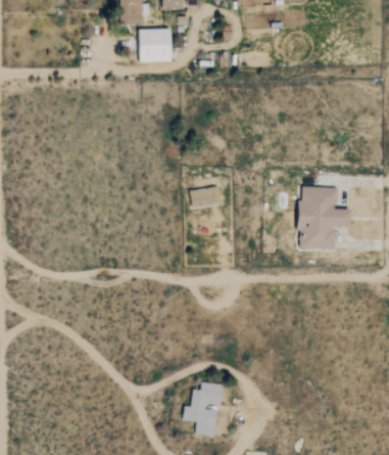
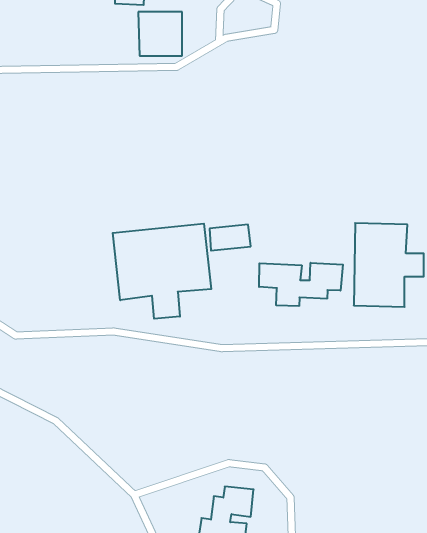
building: none -> [113,224,211,319]
building: none -> [259,263,343,306]

